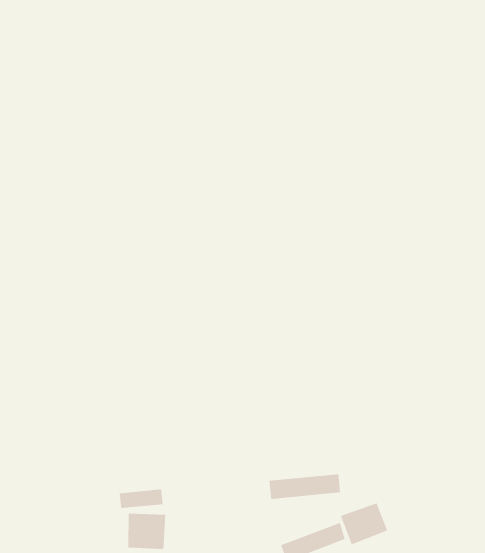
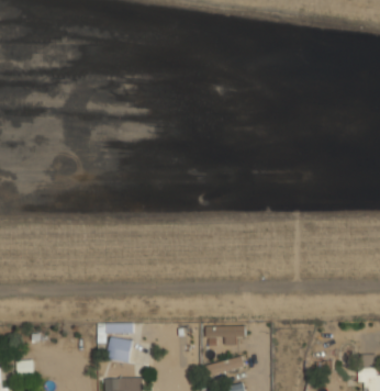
building: [340,503,388,545] -> none

